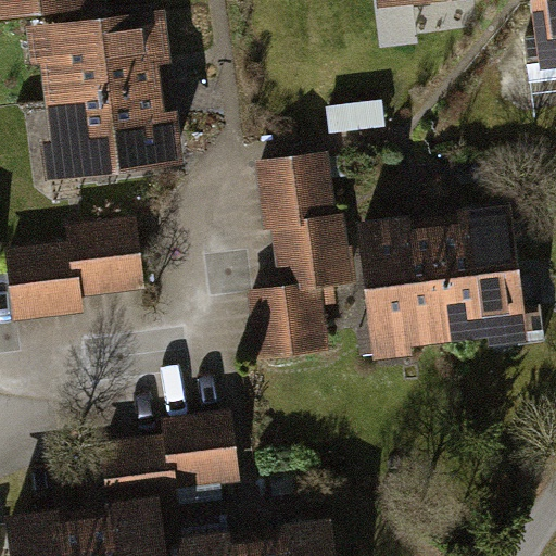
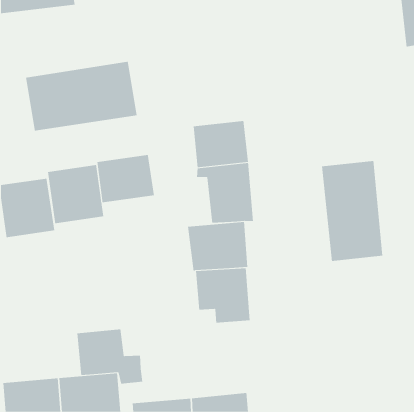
building: [26,15,174,103] -> none
building: none -> [97,154,154,203]
building: [363,222,444,355] -> none
building: [164,418,238,492] -> [195,268,250,323]

